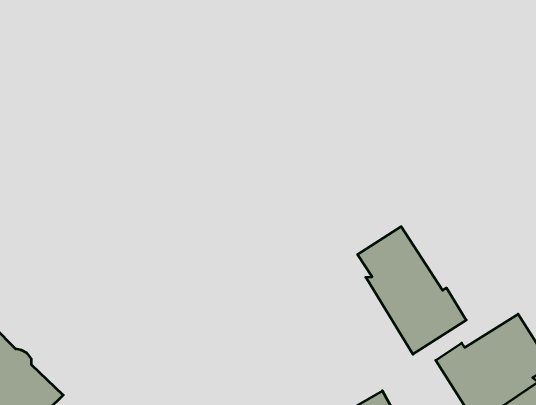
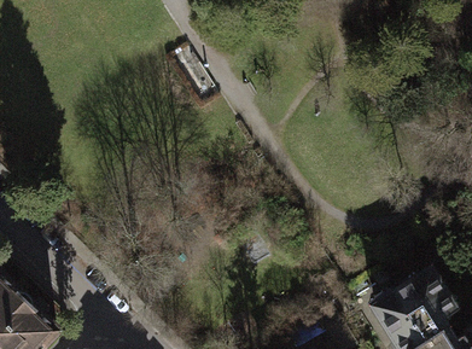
building: [358,227,466,354] -> none

